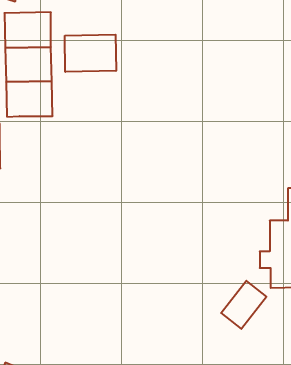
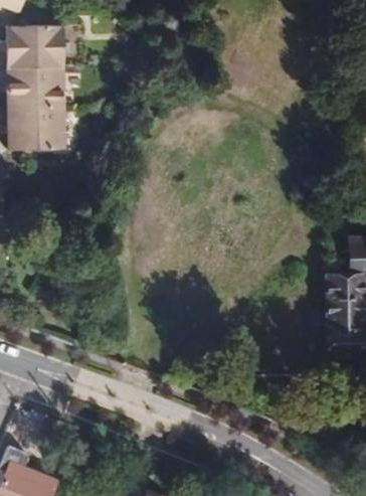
building: [65,35,116,72] -> none
building: [221,281,266,329] -> none

